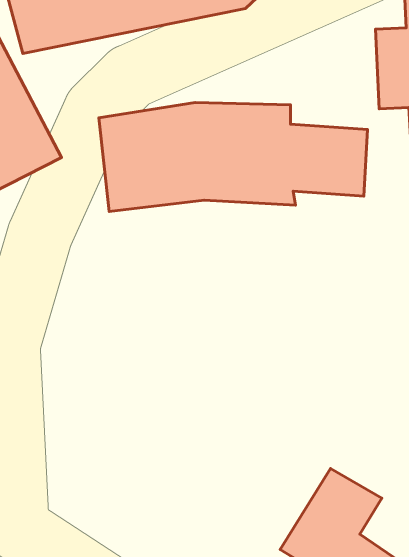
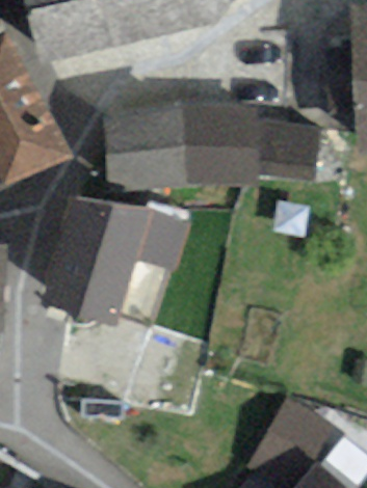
building: none -> [41,196,145,324]

